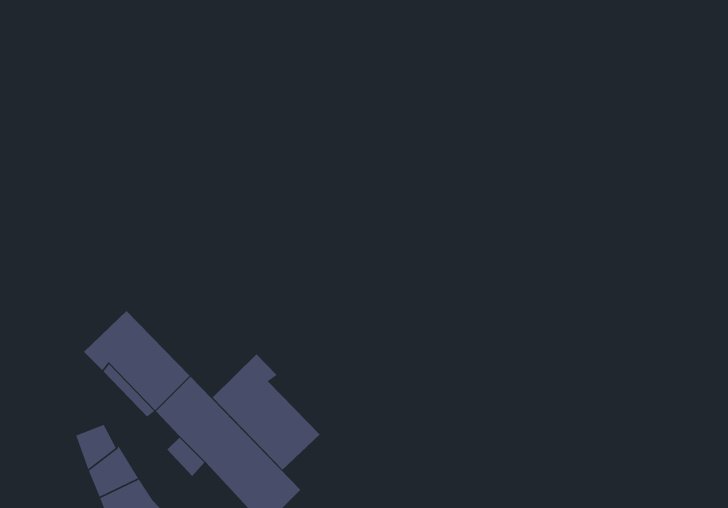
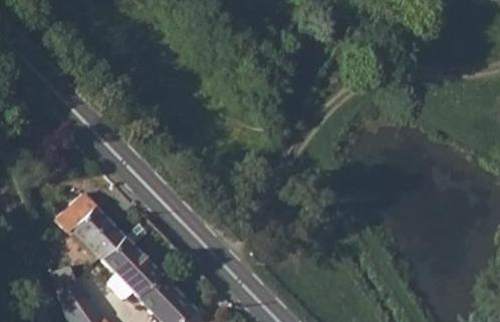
building: [212,353,320,470] -> none

